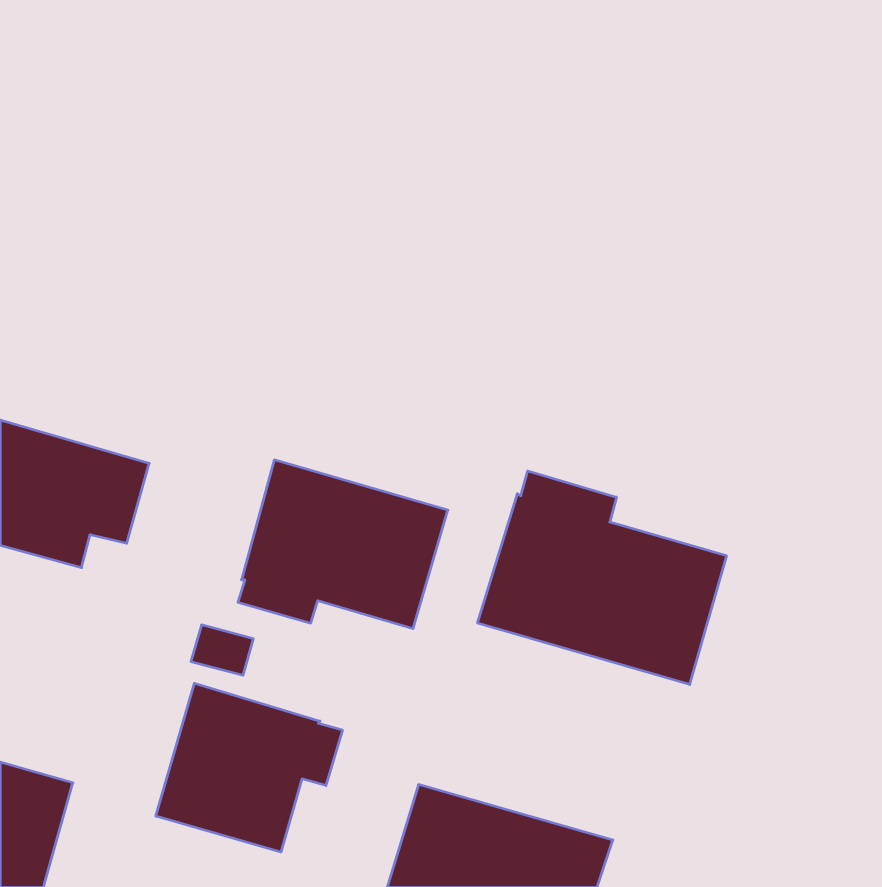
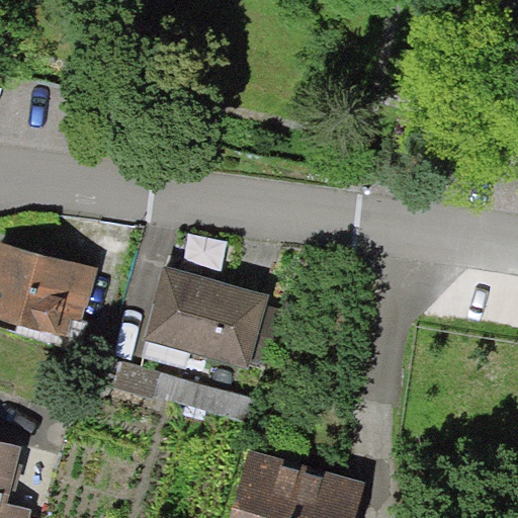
building: [478,471,726,685] -> none
building: [156,683,342,852] -> none

